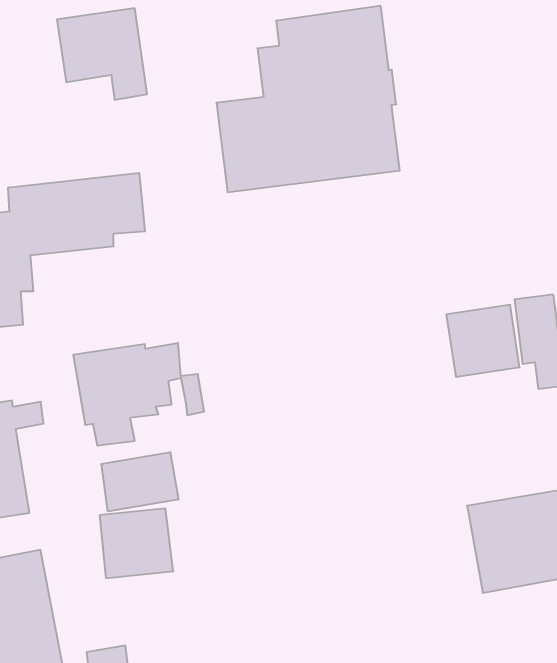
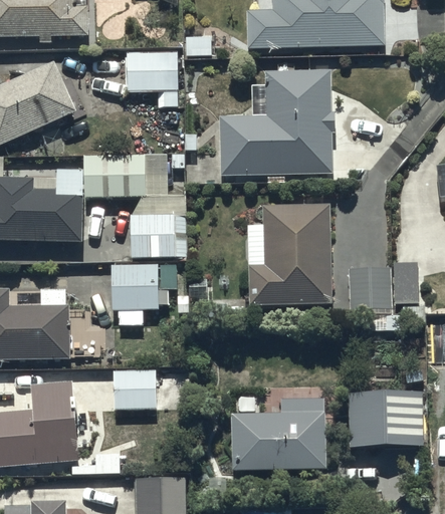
building: none -> [247,205,331,305]
building: none -> [131,215,187,258]
building: [102,452,178,511] -> none
building: none -> [231,391,326,471]

